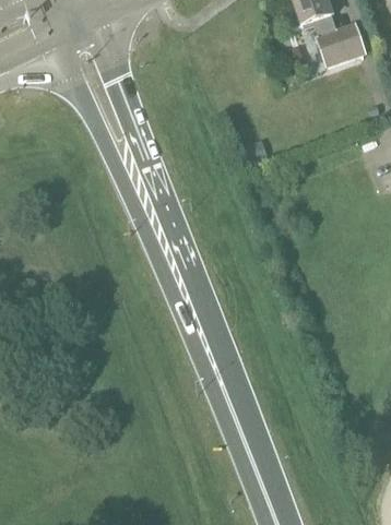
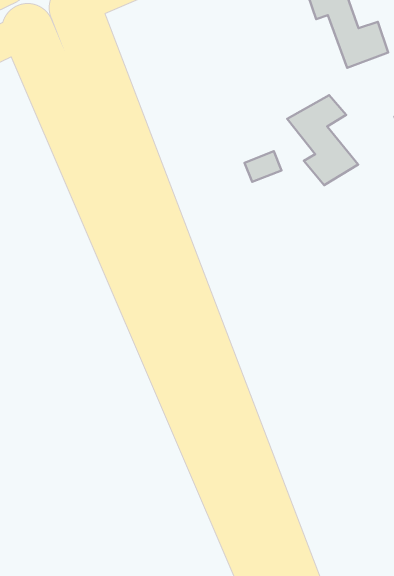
building: none -> [287,95,358,185]

